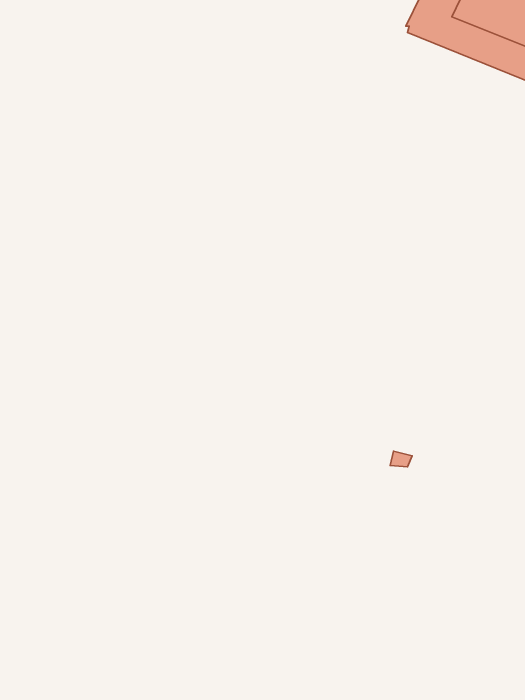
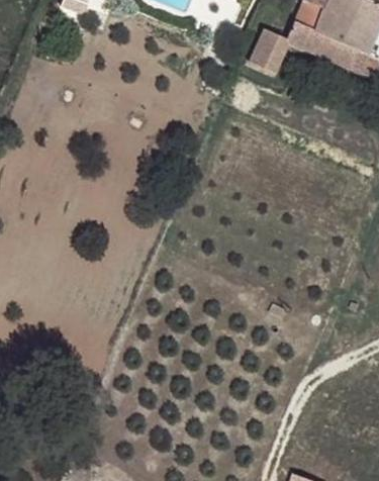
building: none -> [250,29,286,72]

